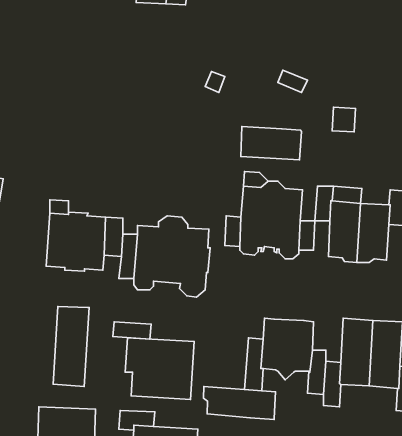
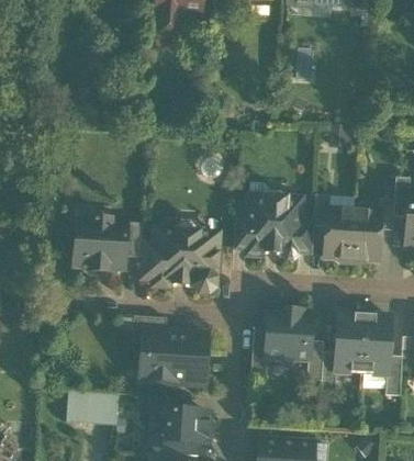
building: [241,127,302,160] -> none
building: [53,307,89,386] -> none
building: [203,387,275,419] -> none

